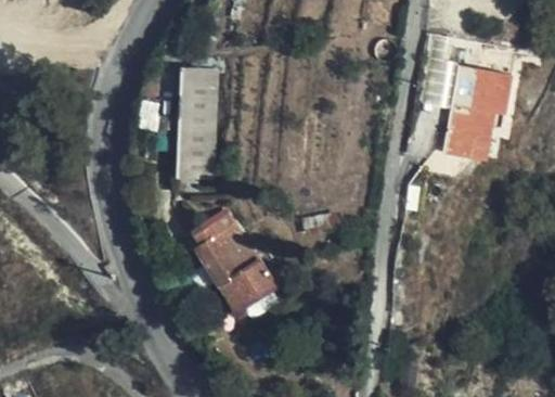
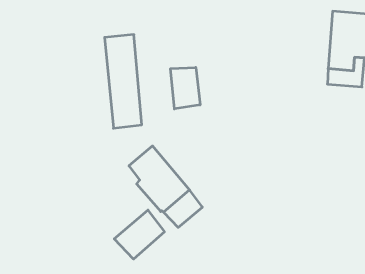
building: none -> [171,67,200,109]
building: none -> [114,210,164,259]

